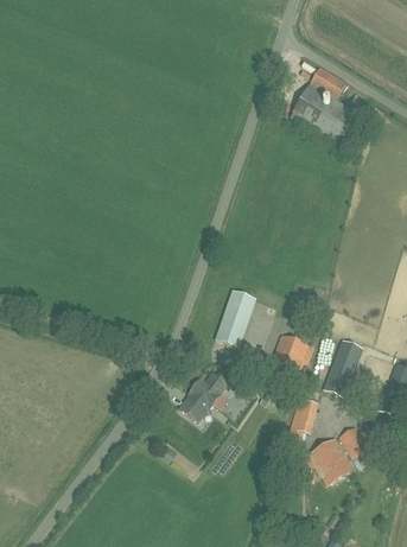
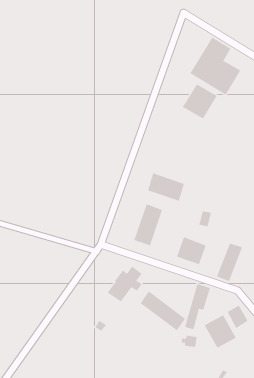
building: none -> [182,83,218,119]
building: none -> [147,173,185,202]
building: none -> [140,291,186,331]

